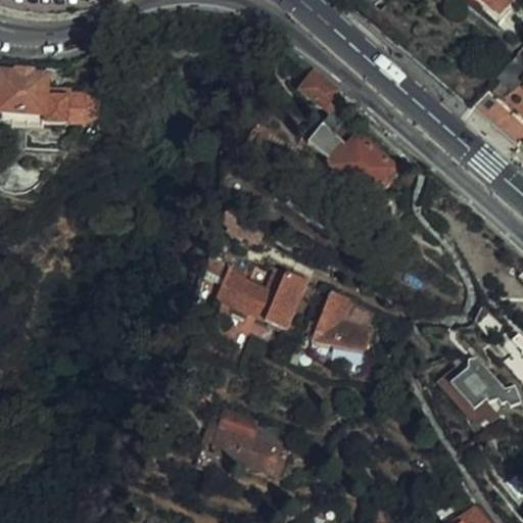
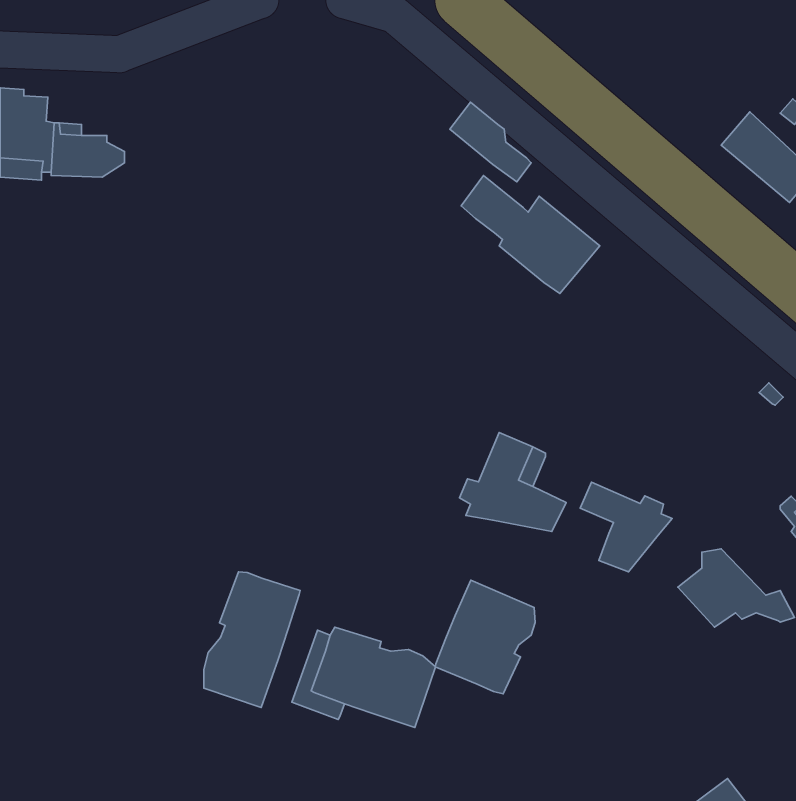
building: [216,267,306,328] -> none
building: none -> [580,482,672,572]
building: none -> [204,572,300,708]
building: none -> [435,580,535,694]

